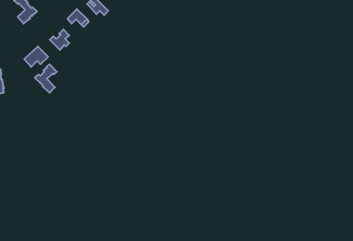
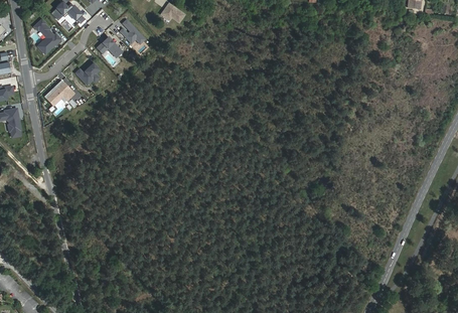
building: [35,64,57,93] -> none

